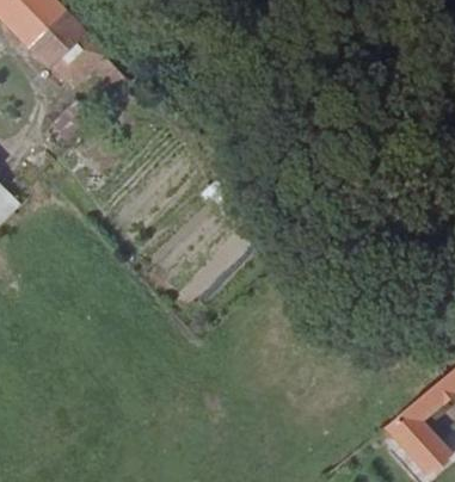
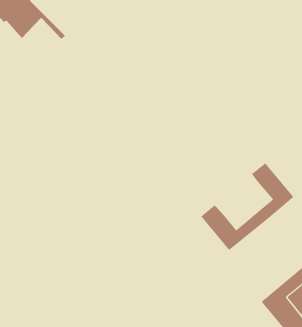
building: none -> [201,162,294,251]

